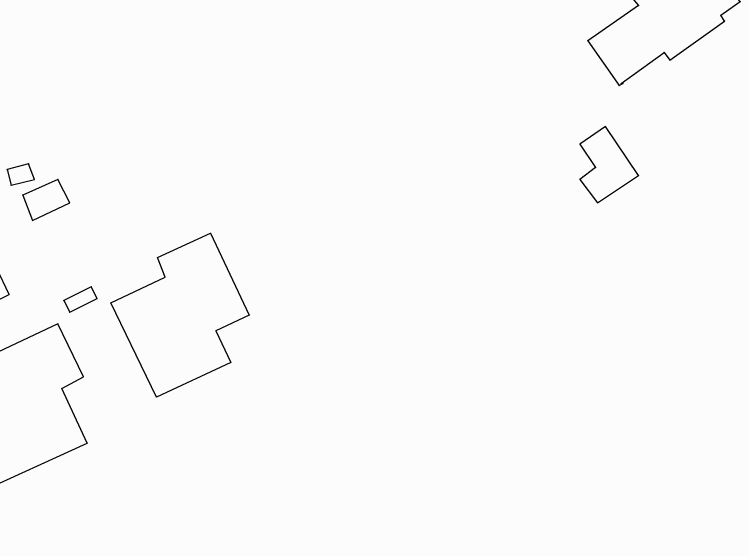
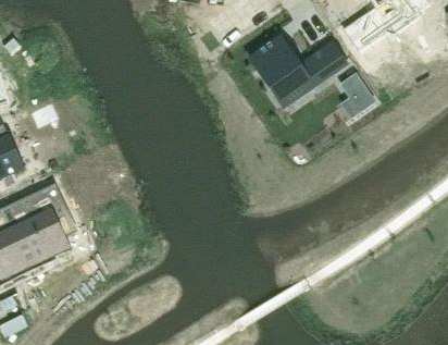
building: none -> [249,36,348,107]
building: [111,233,249,397] -> none

